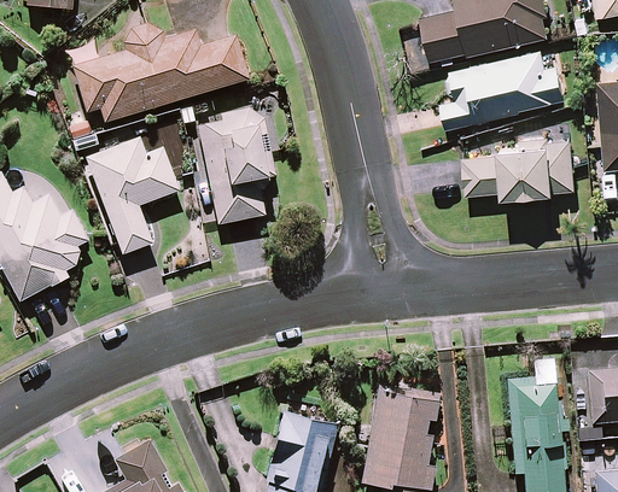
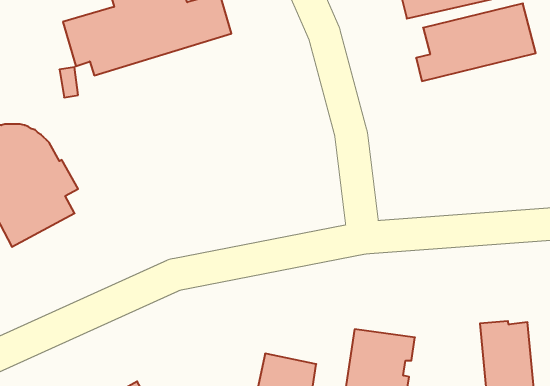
building: [198,109,272,224] -> none
building: [87,139,177,256] -> none
building: [461,139,572,198] -> none

